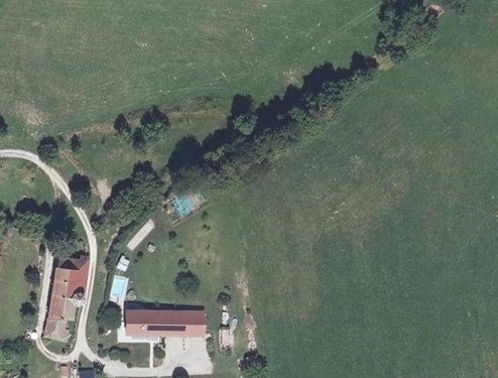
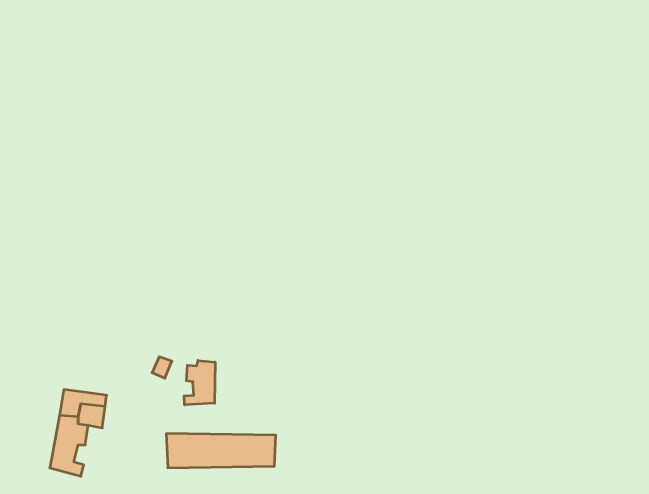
building: [54,257,87,282] -> none
building: none -> [184,360,215,405]

